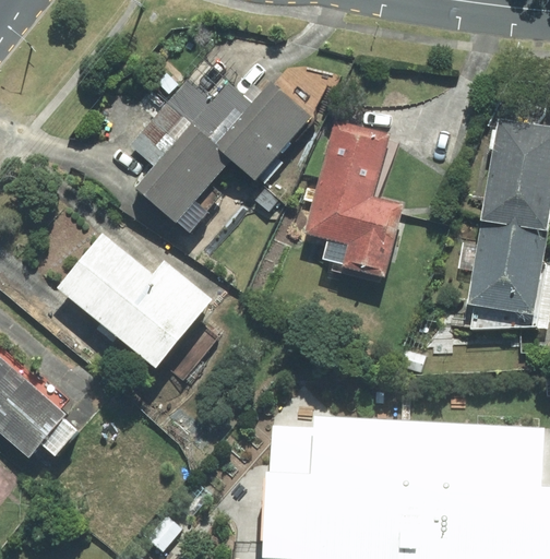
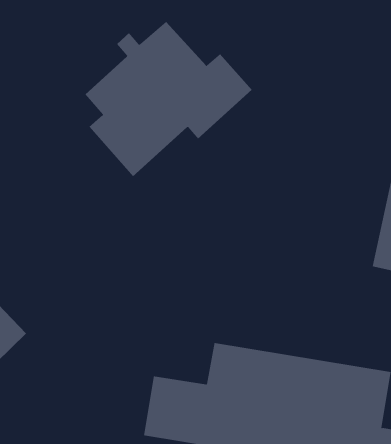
building: [308,135,405,282] -> none
building: [63,238,219,386] -> none

